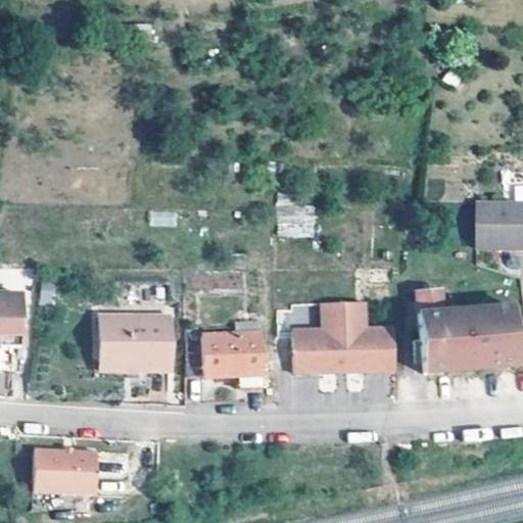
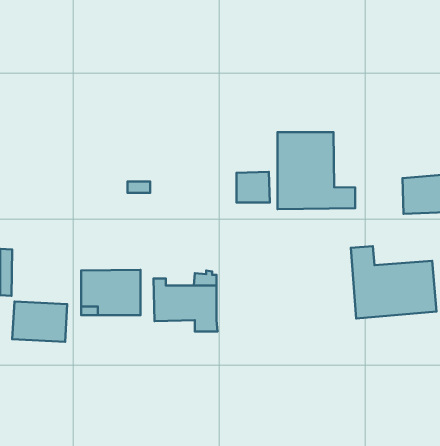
building: none -> [278,132,355,209]
building: [293,301,394,371] -> none
building: [34,447,98,494] -> [12,302,67,342]

